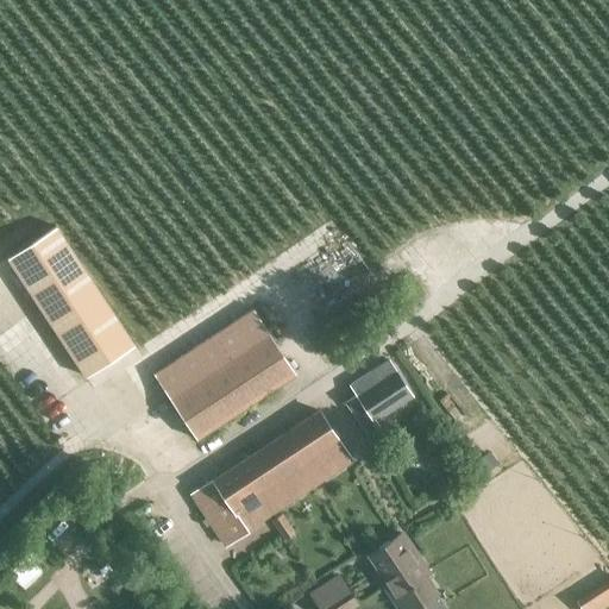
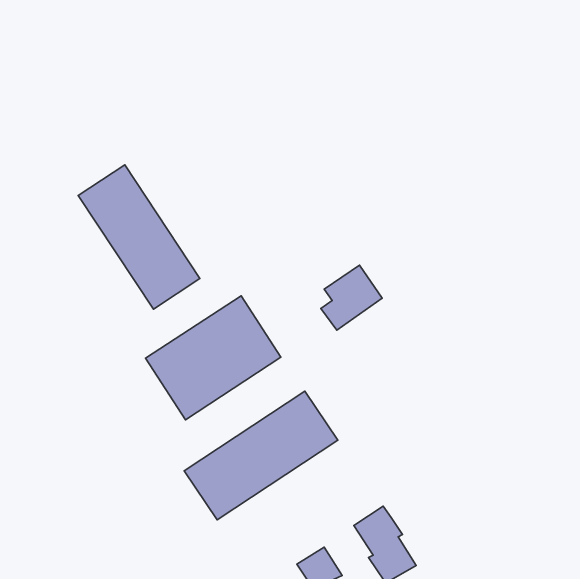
building: [5,227,132,378] -> [78,165,200,309]
building: [349,362,413,429] -> [321,265,382,330]

